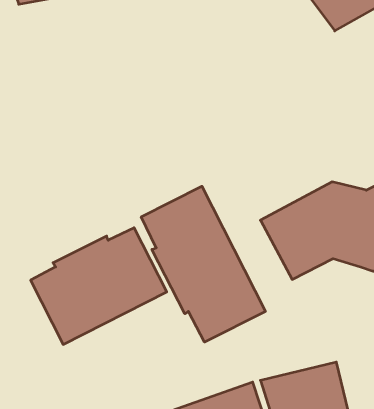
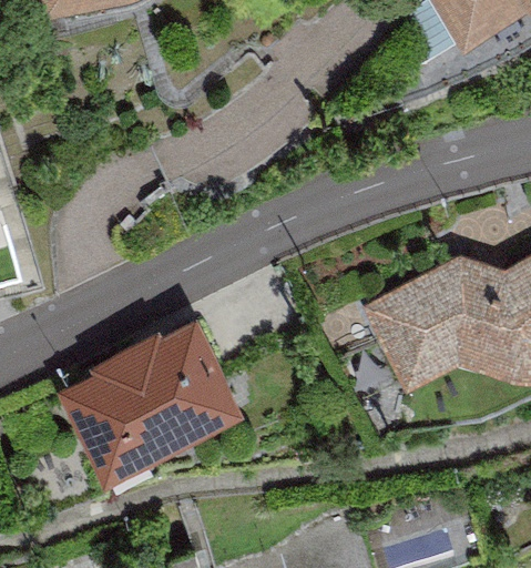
building: [141,186,265,342] -> none

